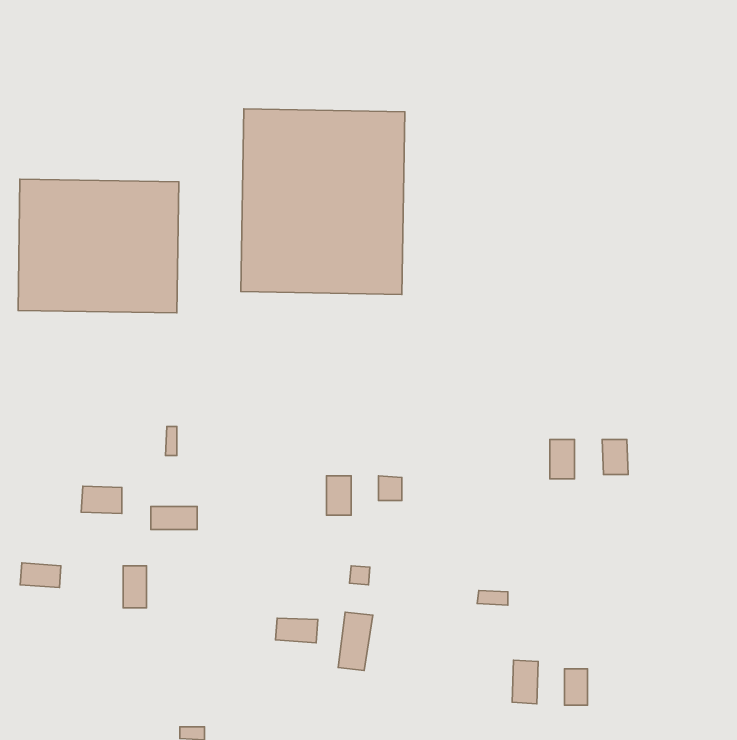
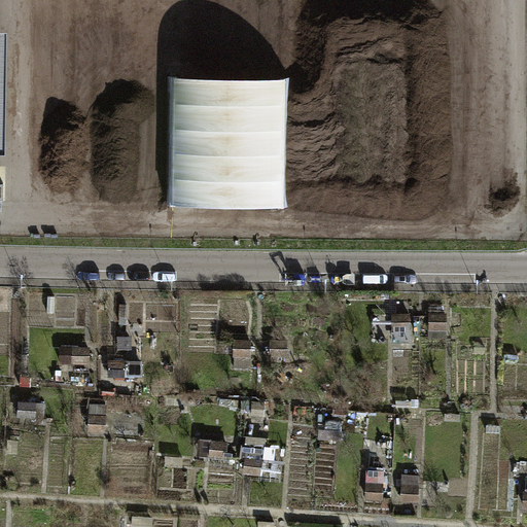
building: [18,179,179,313] -> none

